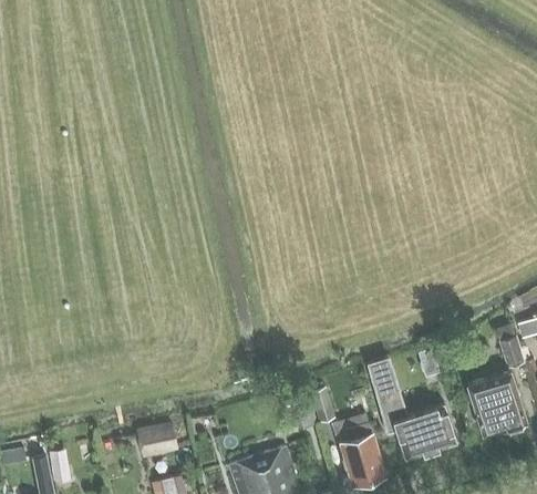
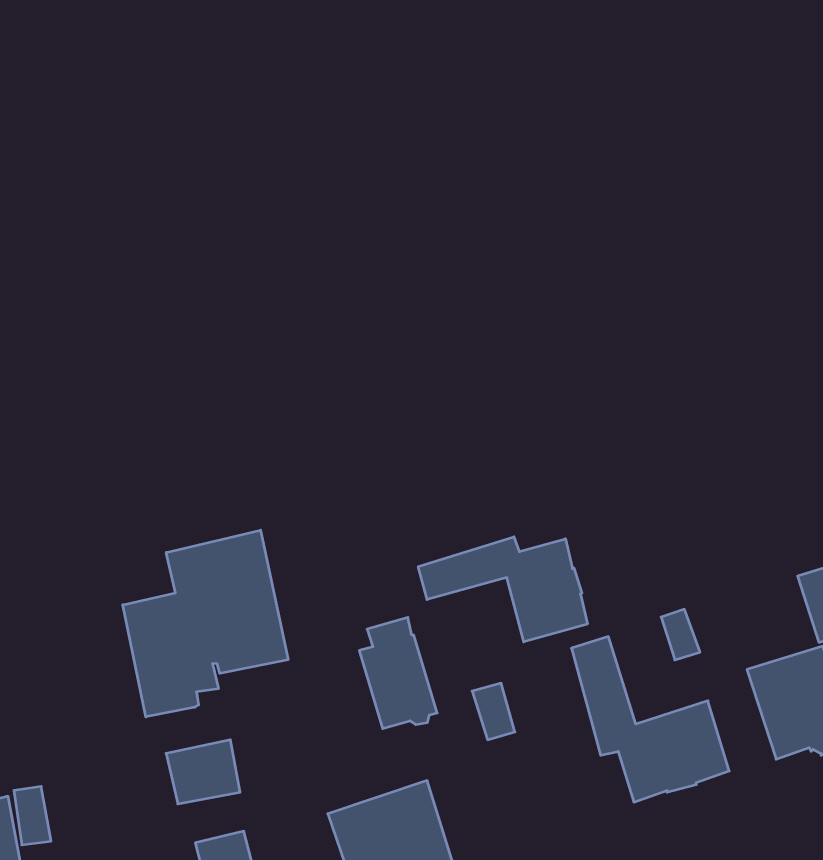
building: none -> [123,530,288,717]
building: none -> [418,537,587,642]
building: [341,423,385,486] -> [359,617,437,729]

